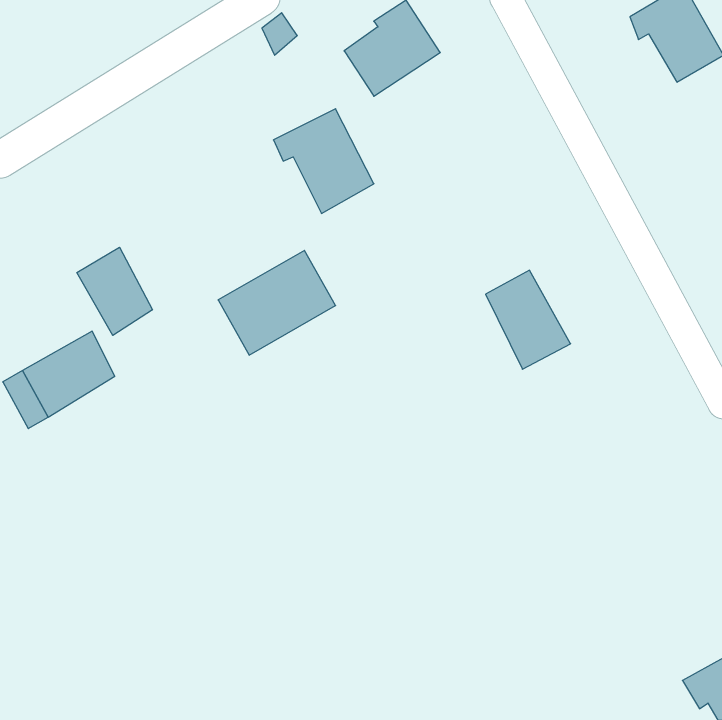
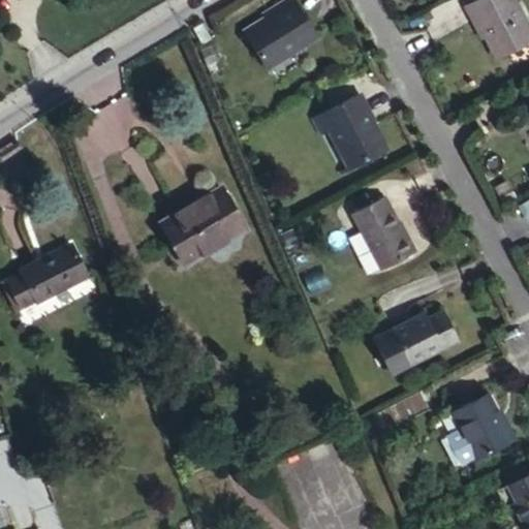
building: [273,109,374,213] -> [311,94,384,170]
building: [77,247,152,335] -> none
building: none -> [381,307,467,371]
building: none -> [453,401,518,471]

